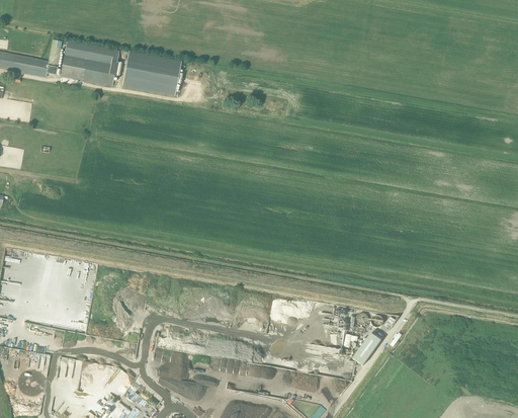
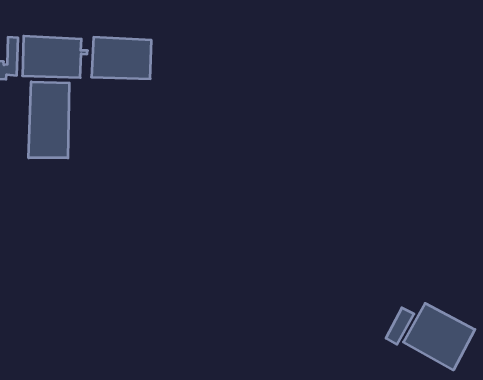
building: none -> [29,82,69,158]
building: none -> [403,303,475,370]

